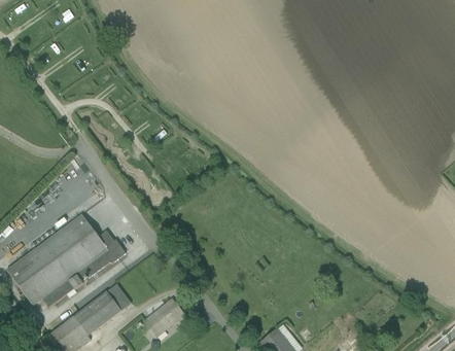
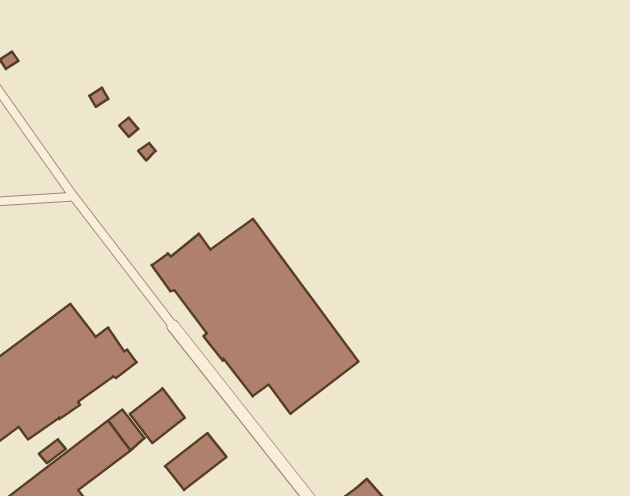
building: none -> [152,219,358,414]
building: none -> [130,388,185,443]

